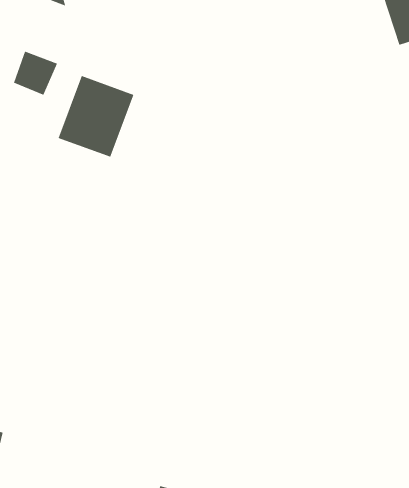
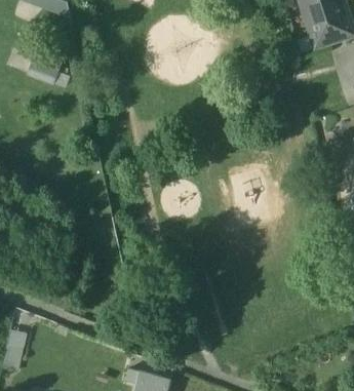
building: [58,75,134,158] -> none

